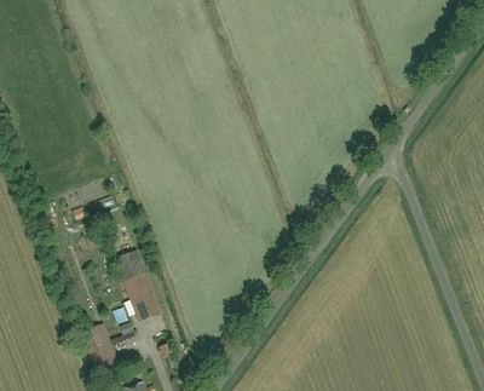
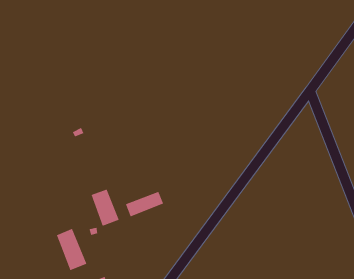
building: none -> [125,191,164,218]

